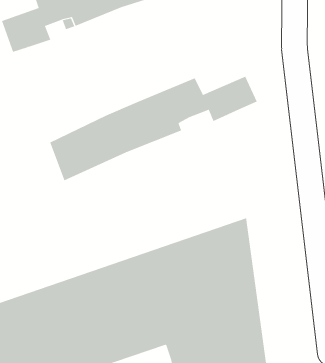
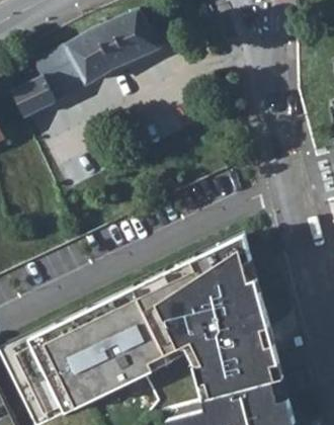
building: [50,76,257,181] -> none

